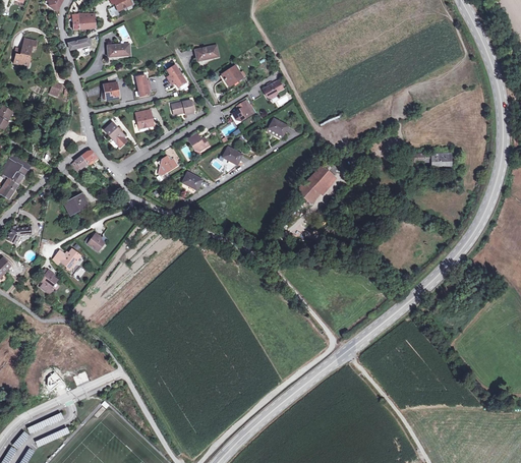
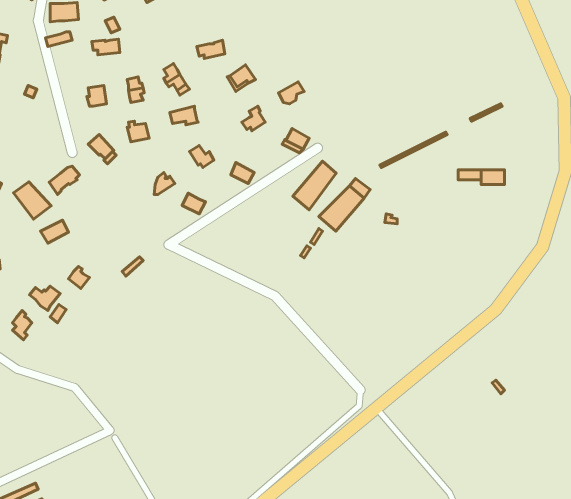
building: none -> [293,161,336,210]
building: none -> [14,182,51,219]

